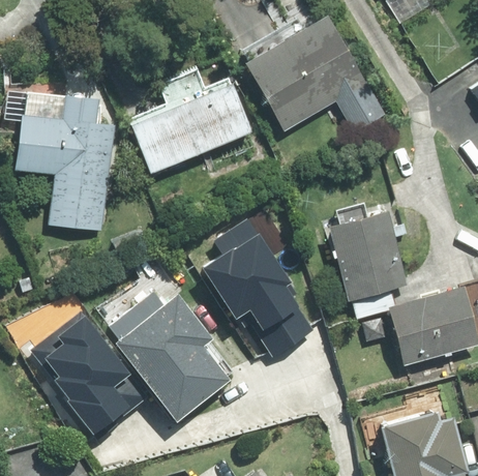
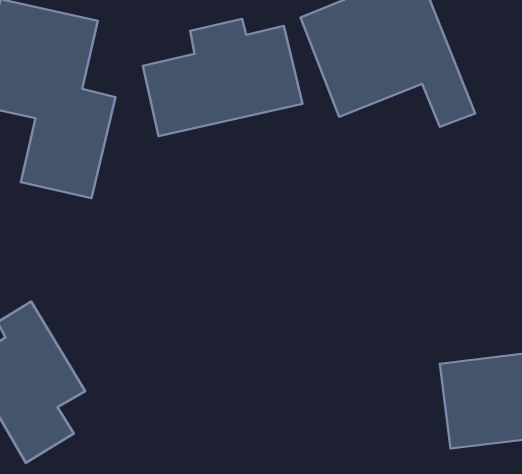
building: [326,207,411,302] -> none
building: [198,217,320,355] -> none
building: [111,292,226,420] -> none

